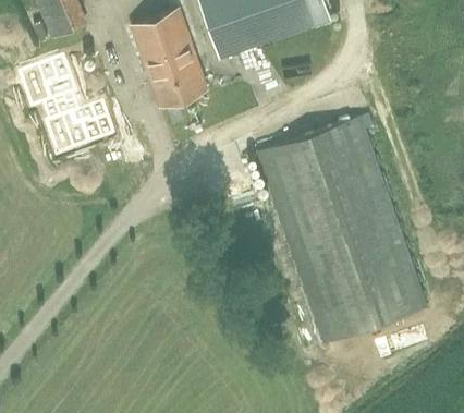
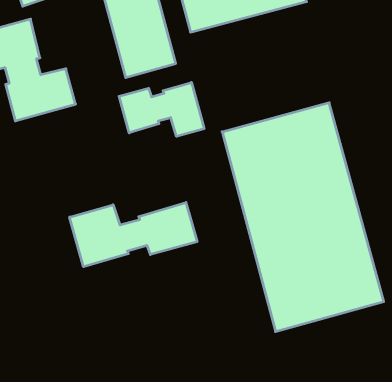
building: none -> [119,82,204,136]
building: none -> [70,202,197,267]

